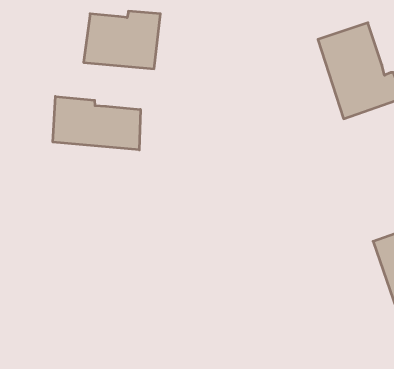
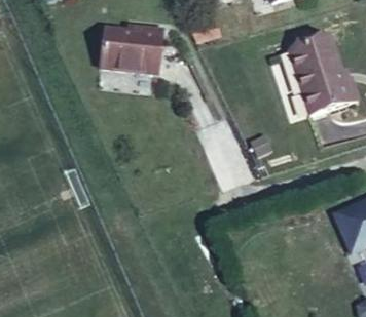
building: [53,96,140,150] -> none

